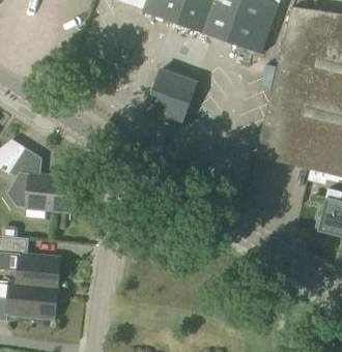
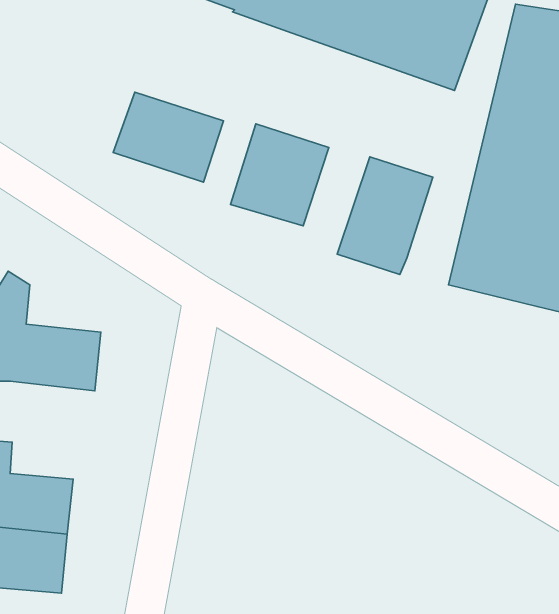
building: none -> [113,92,223,182]
building: none -> [337,157,433,274]

